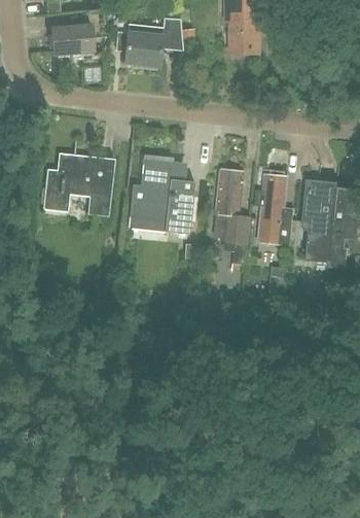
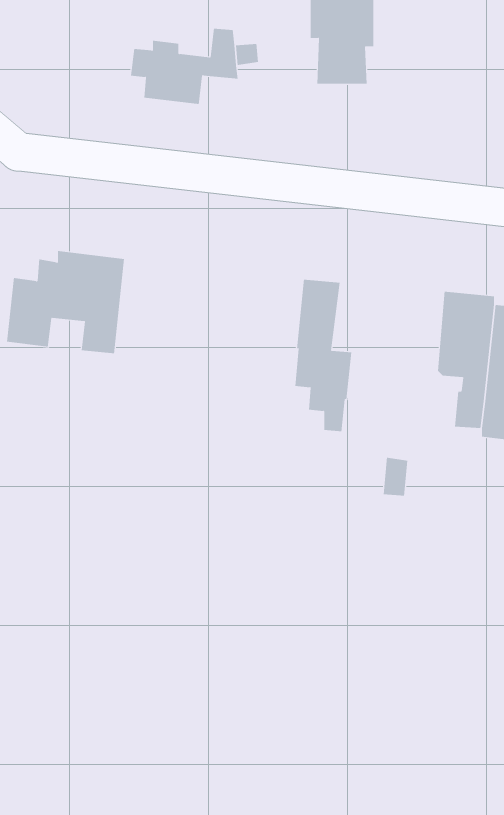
building: [50,7,108,55] -> none
building: [130,158,193,235] -> none
building: [254,171,293,244] -> none

